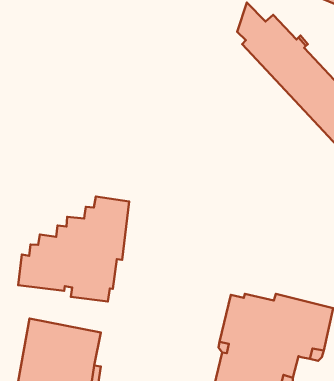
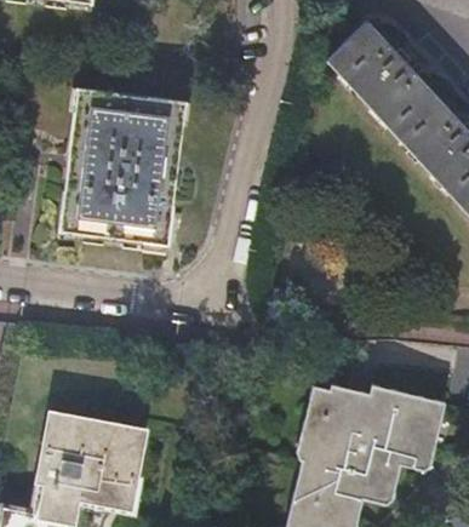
building: none -> [61,90,187,246]
building: [18,196,129,302] -> none

